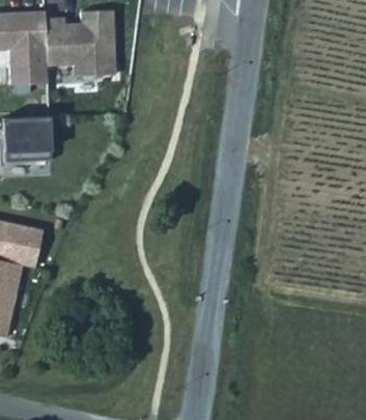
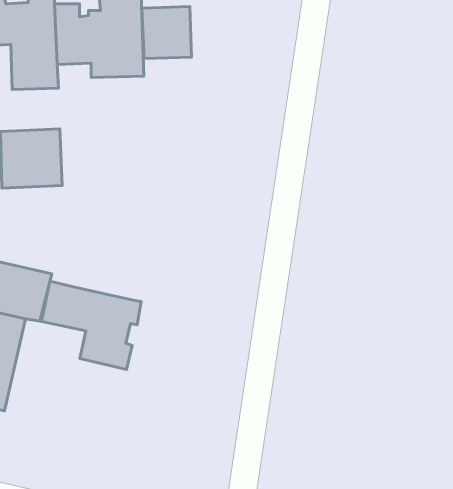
building: none -> [142,7,191,58]
building: none -> [42,281,141,370]

